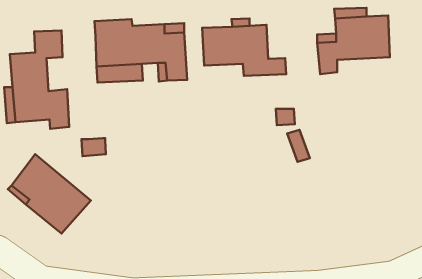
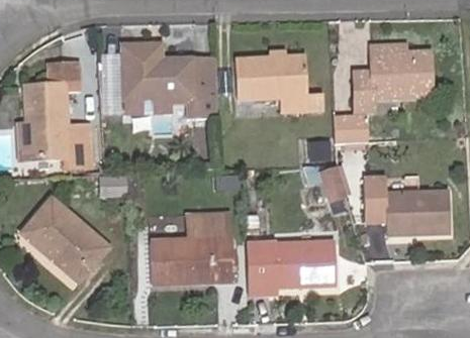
building: none -> [331,115,363,142]
building: none -> [367,180,454,235]
building: none -> [151,218,233,285]
building: none -> [246,240,337,298]

